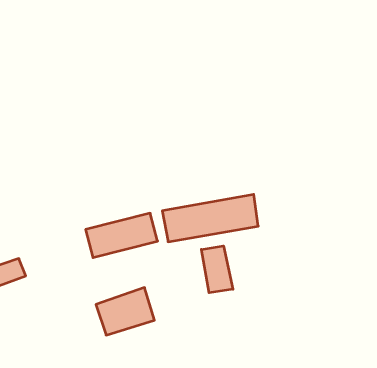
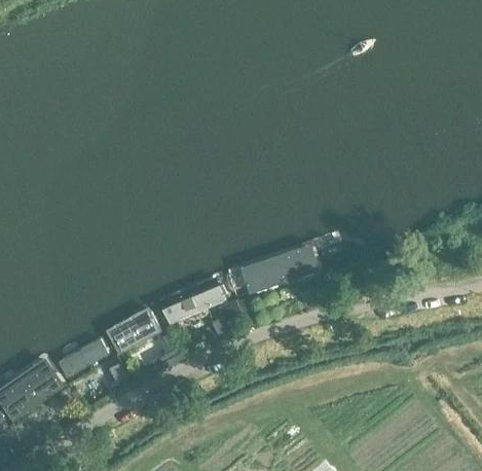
building: [201,246,233,293] -> none
building: [96,288,154,335] -> [105,304,163,356]

